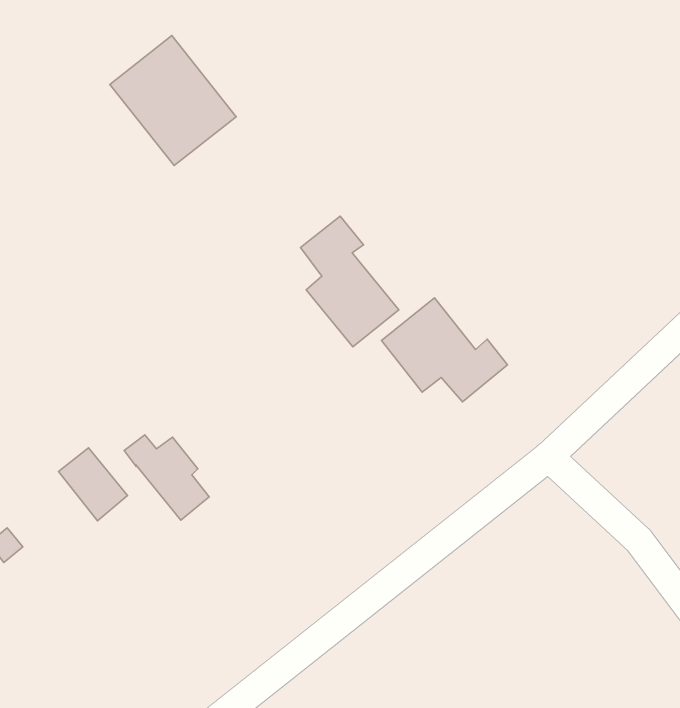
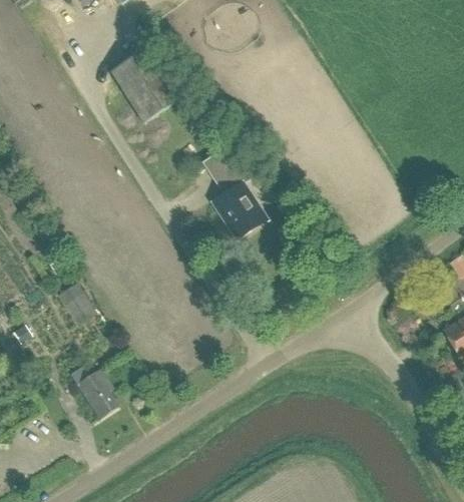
building: [381,298,508,402] -> none
building: [124,435,209,520] -> [71,366,118,418]

